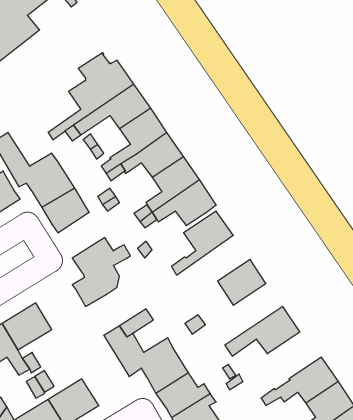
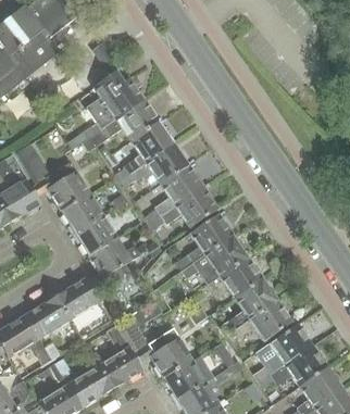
building: none -> [75,214,117,255]
building: none -> [182,235,248,285]
building: none -> [55,276,101,319]
building: none -> [220,278,277,334]
building: none -> [252,323,312,381]
building: none -> [97,325,143,388]

